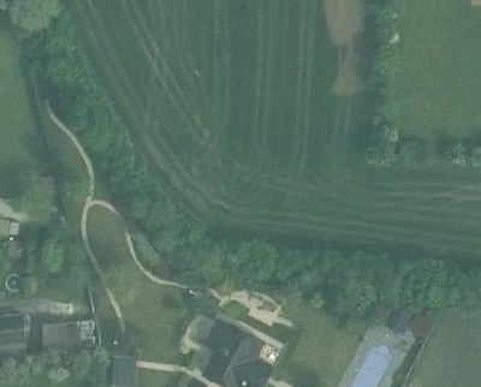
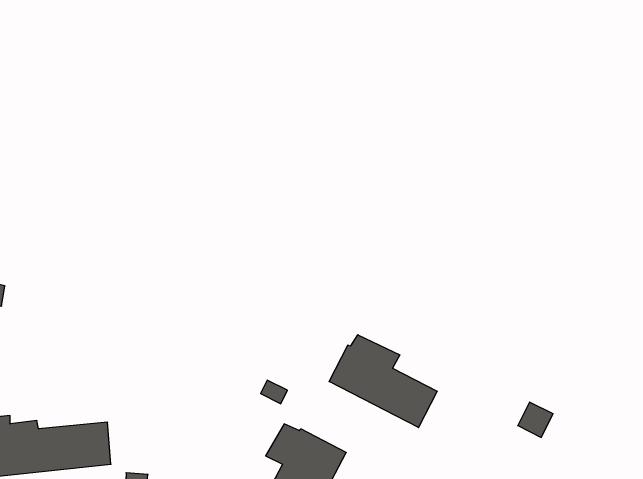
building: none -> [329,335,437,428]

